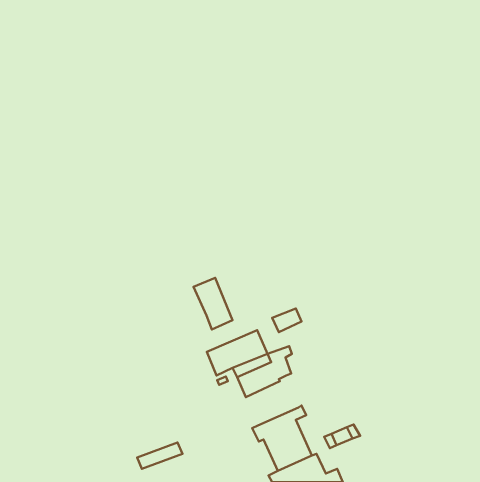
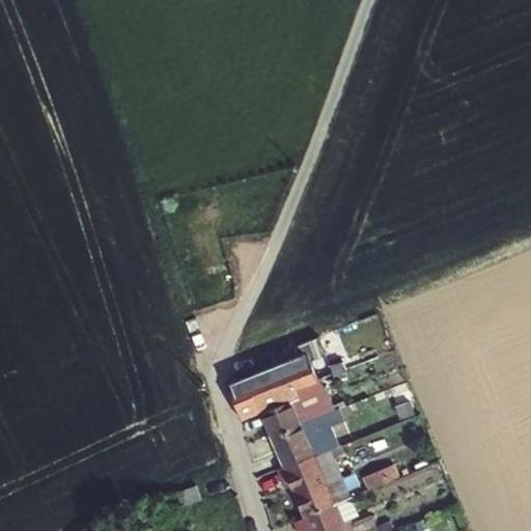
building: [194,278,233,330] -> none
building: none -> [270,413,328,468]

